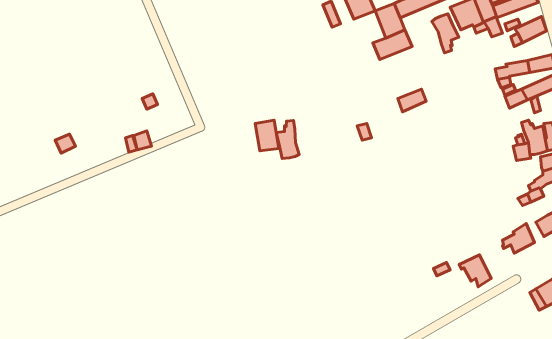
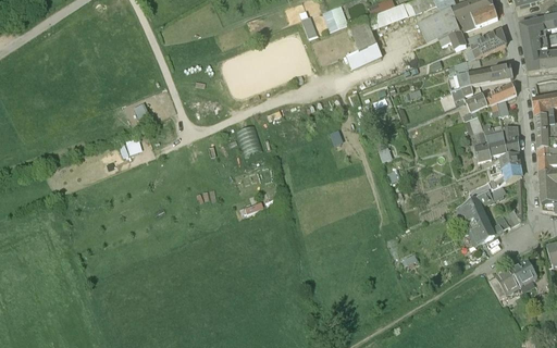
building: [432,14,459,53] -> none
building: [276,120,299,158] -> none
building: [459,255,491,287] -> [458,197,487,226]

